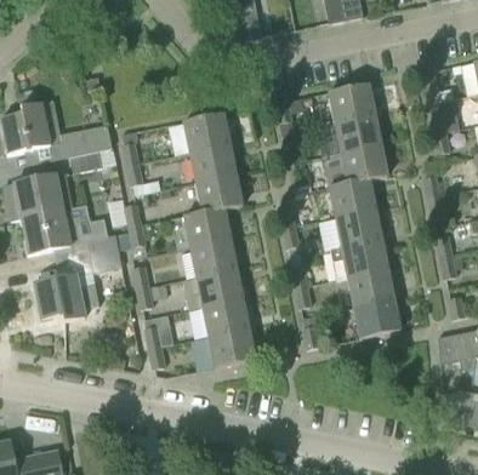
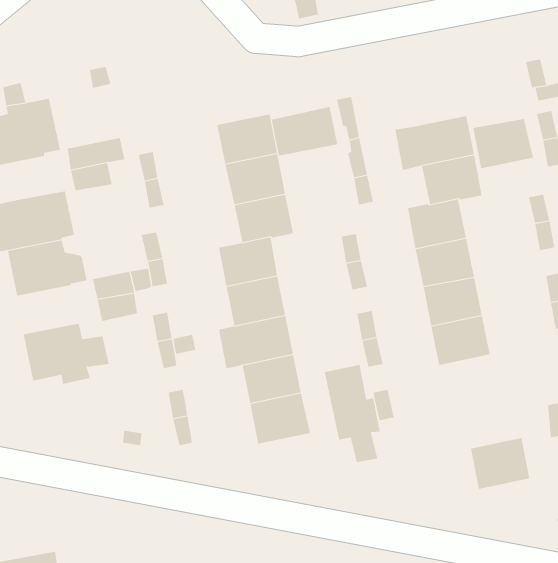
building: [328,84,375,122] -> [473,118,534,169]
building: none -> [271,106,338,157]
building: [353,298,399,338] -> [470,438,530,490]
building: none -> [324,364,380,463]

